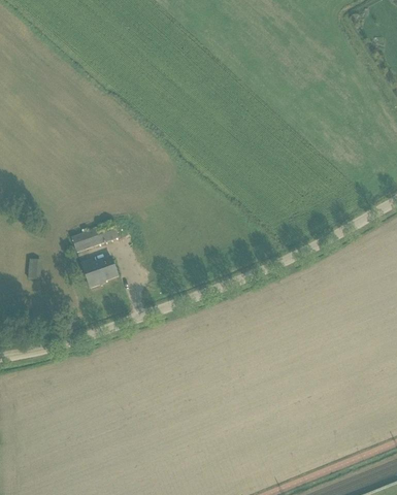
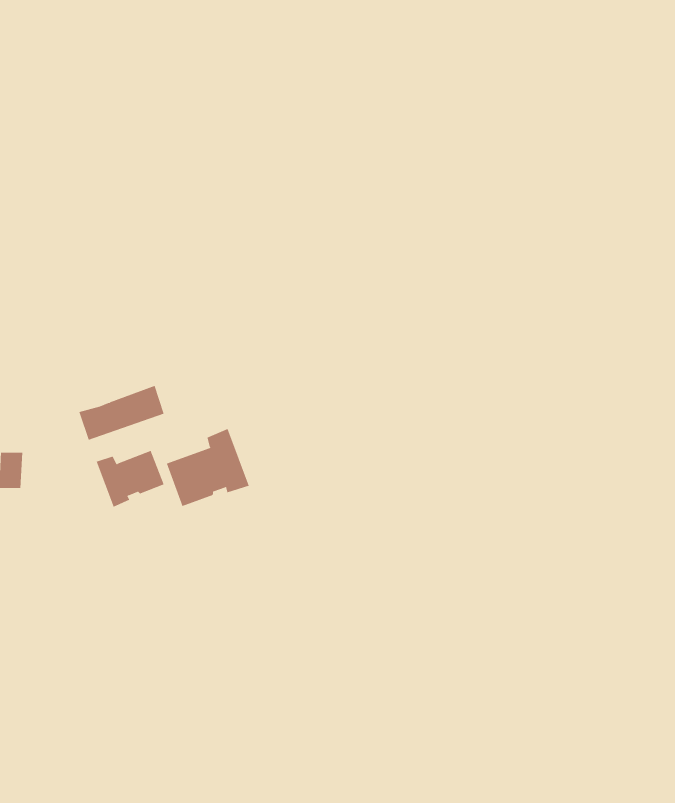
building: none -> [166,428,250,507]

